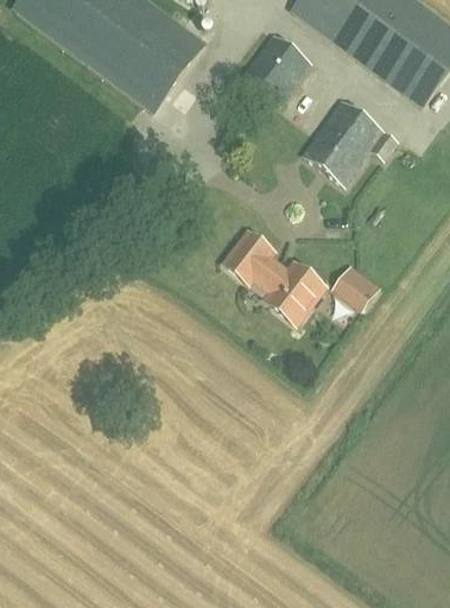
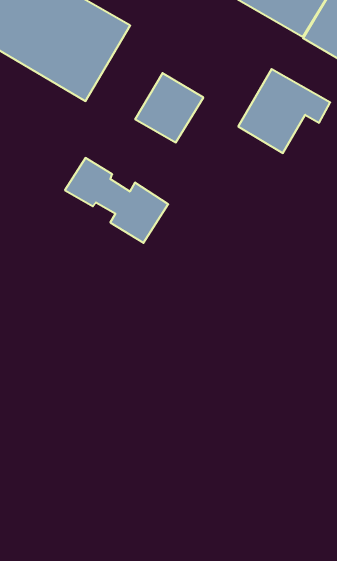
building: [240,33,310,103] -> [135,73,203,142]
building: [222,232,323,322] -> [65,158,168,243]
building: [331,266,376,309] -> none

